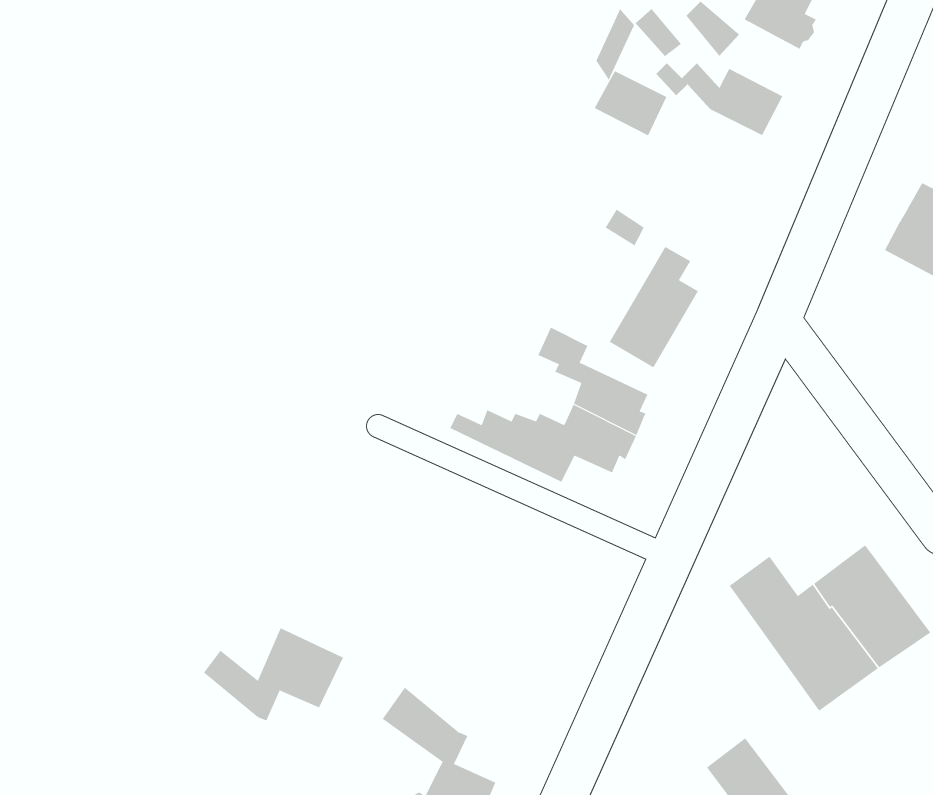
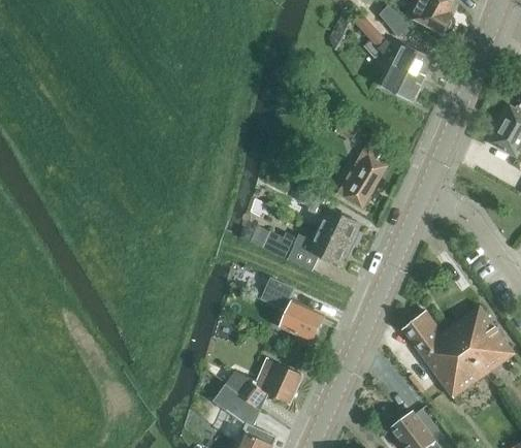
building: [594,71,667,136] -> [382,66,422,102]
building: none -> [261,278,323,341]
building: [203,627,344,721] -> [225,359,302,411]

